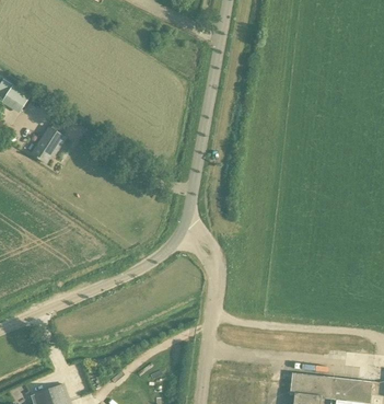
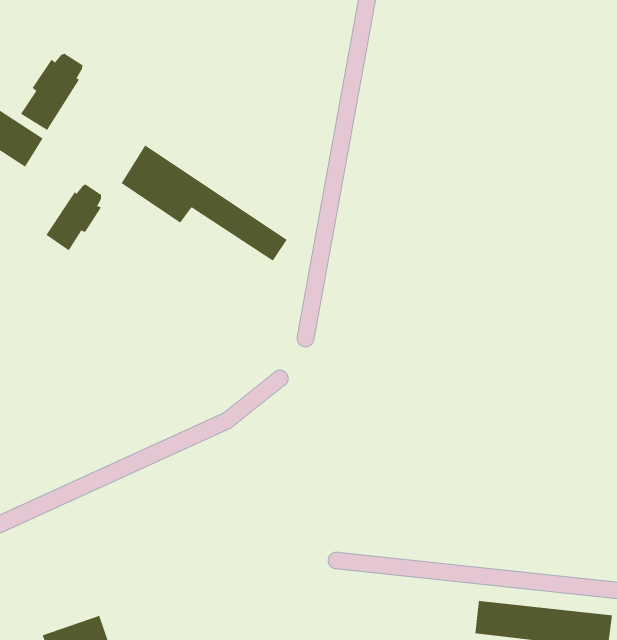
building: none -> [20,53,83,131]
building: none -> [121,144,287,262]

